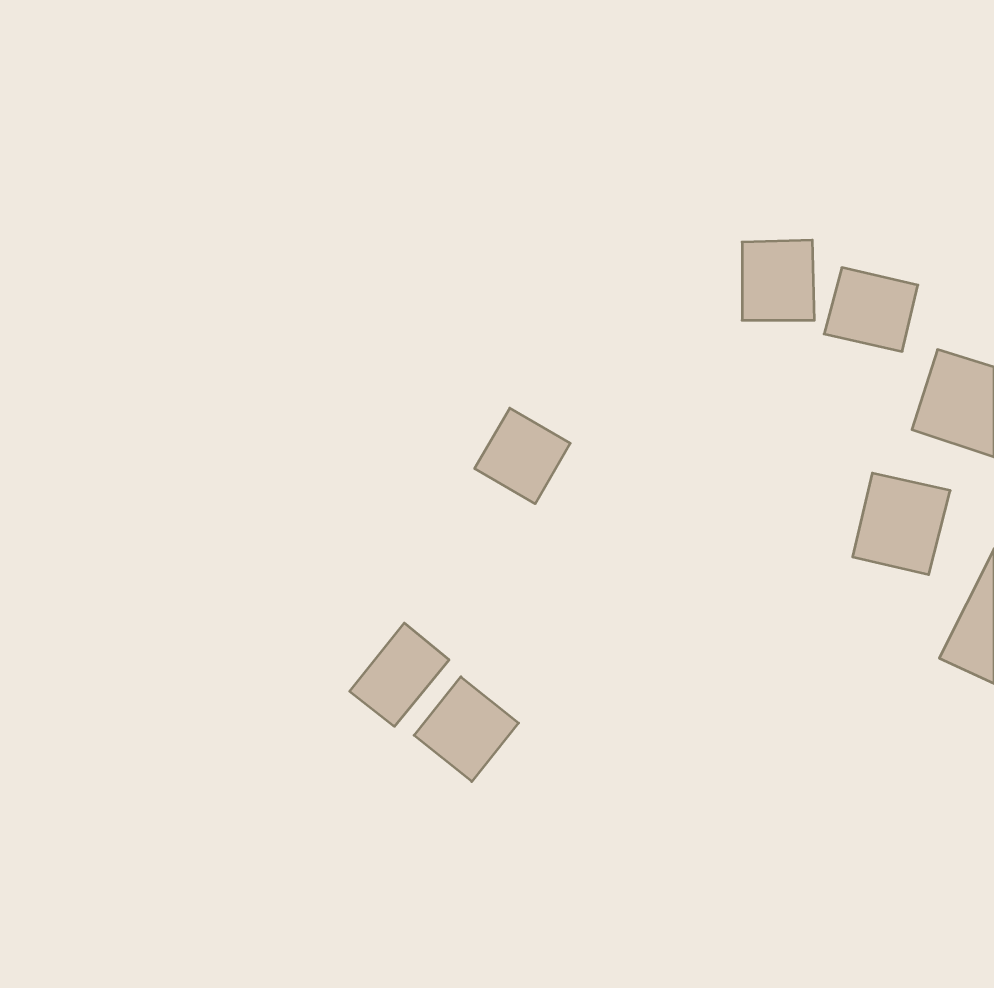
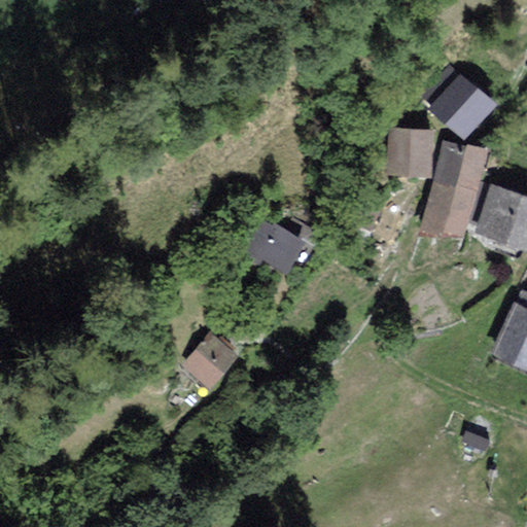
building: none -> [435,78,492,135]
building: [853,473,950,575] -> [424,181,476,235]
building: [414,677,519,782] -> none

